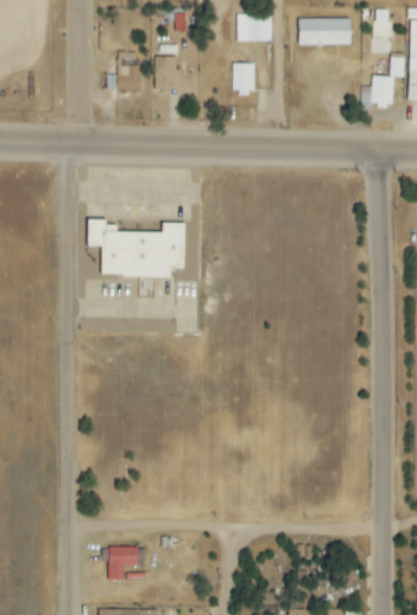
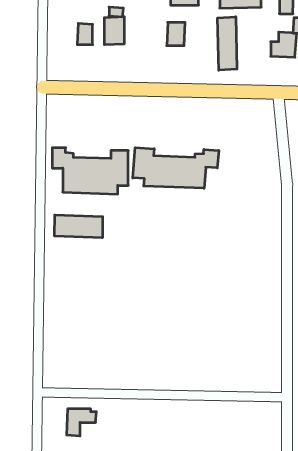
building: none -> [218,17,237,70]
building: none -> [133,148,219,188]
building: none -> [55,215,103,238]

